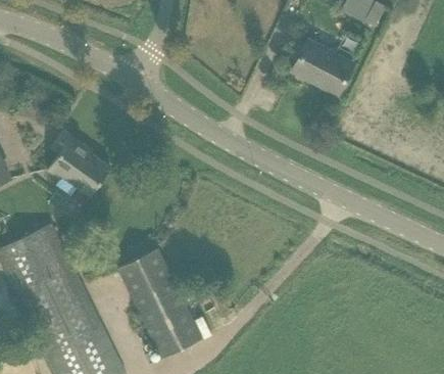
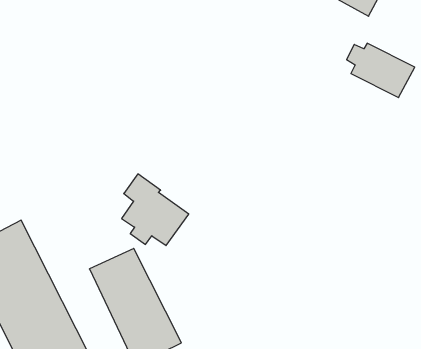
building: [288,42,352,93] -> [347,43,415,98]
building: [48,129,111,196] -> [122,174,189,246]

